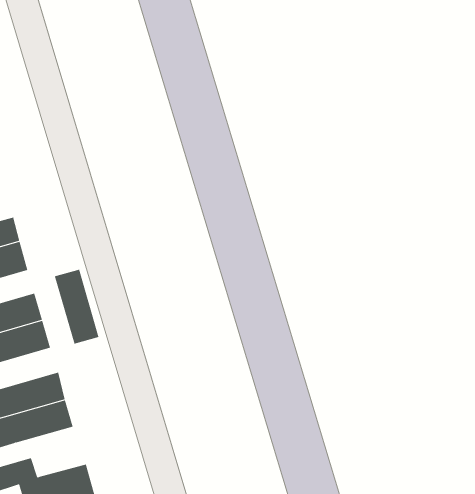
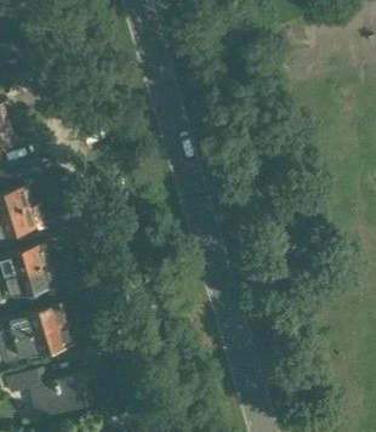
building: [54,269,99,345] -> none

